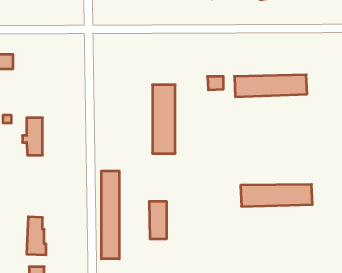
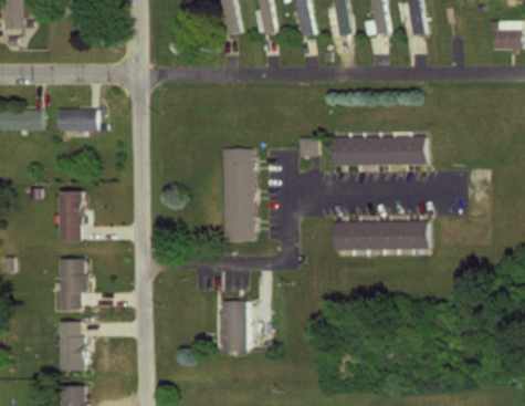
building: none -> [57,107,97,132]
building: none -> [62,261,86,310]
building: [101,171,119,259] -> none
building: [241,184,312,206] -> [332,222,426,251]

